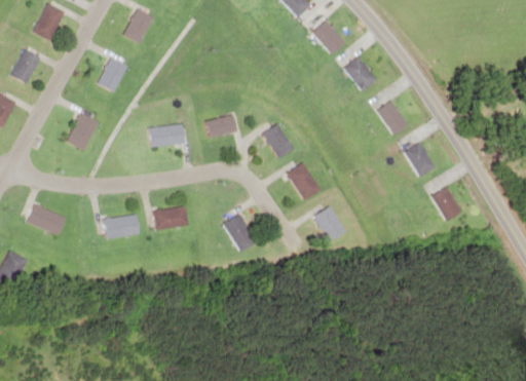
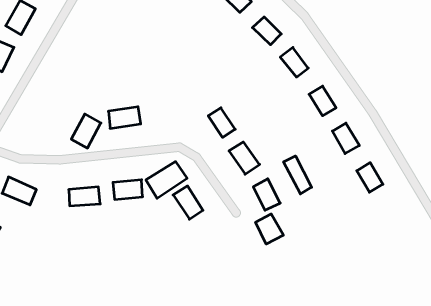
building: [124,7,155,43] -> none
building: [97,54,129,91] -> none
building: [65,112,99,151] -> [71,114,101,148]
building: [208,116,237,137] -> none
building: none -> [284,156,312,194]
building: none -> [146,162,187,198]
building: none -> [256,214,283,244]

